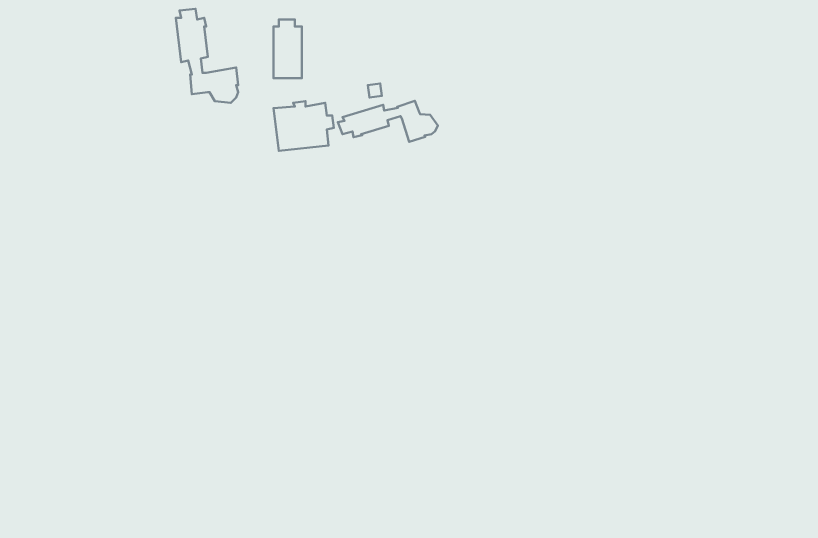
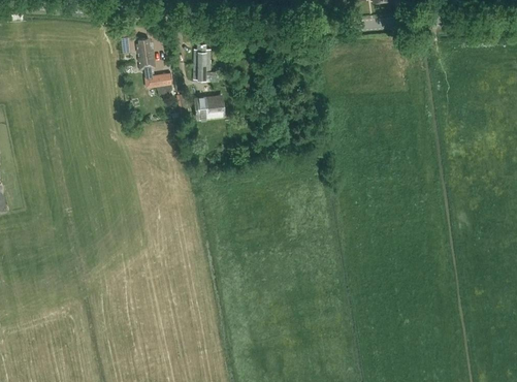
building: [338,101,438,142] -> none

